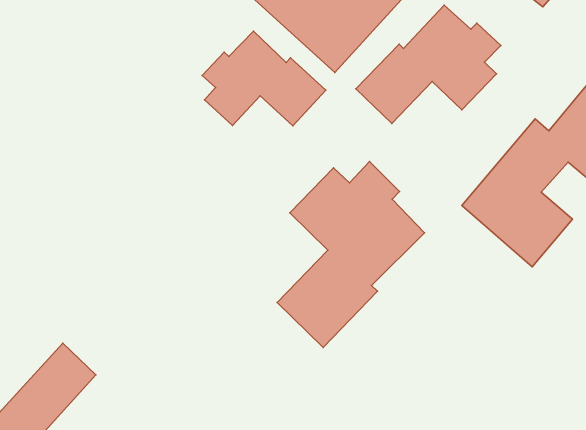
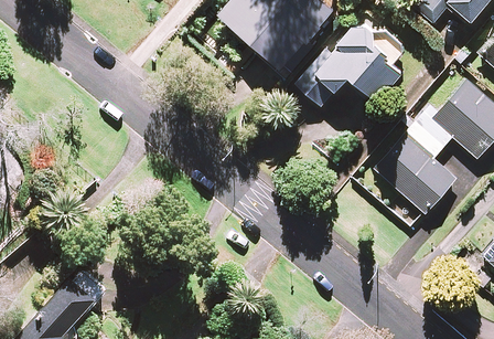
building: [202,31,326,126] -> none
building: [277,162,424,348] -> none

